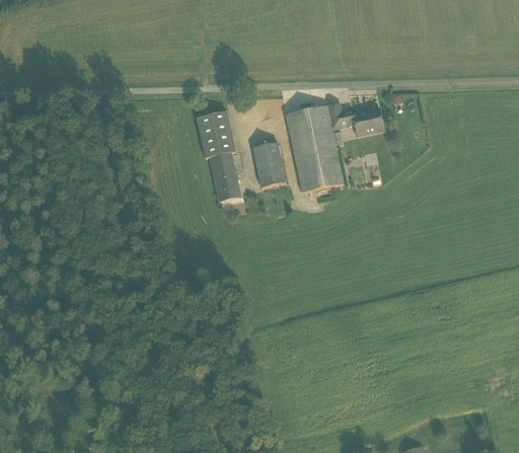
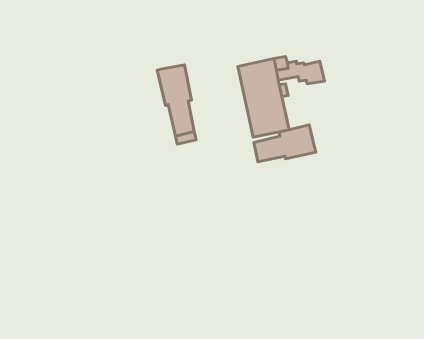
building: [252,143,285,187] -> none
building: none -> [254,125,316,162]

